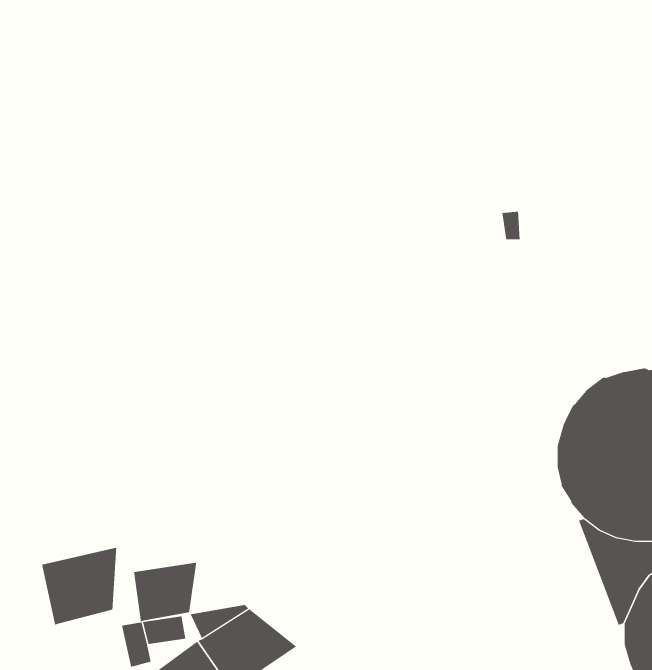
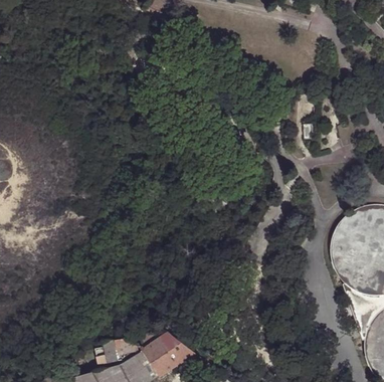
building: [41,547,117,626] -> none
building: [133,562,197,622] -> none

